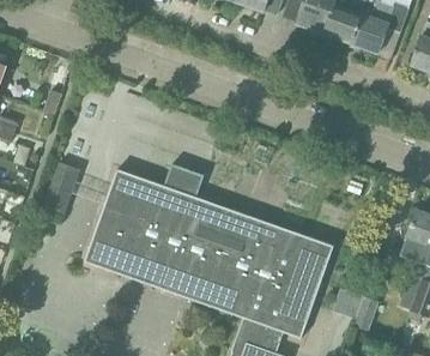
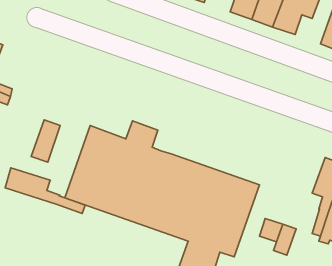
building: none -> [5,168,85,213]

